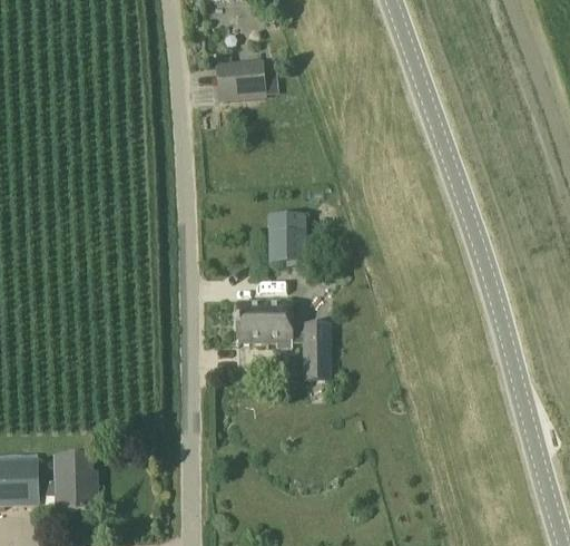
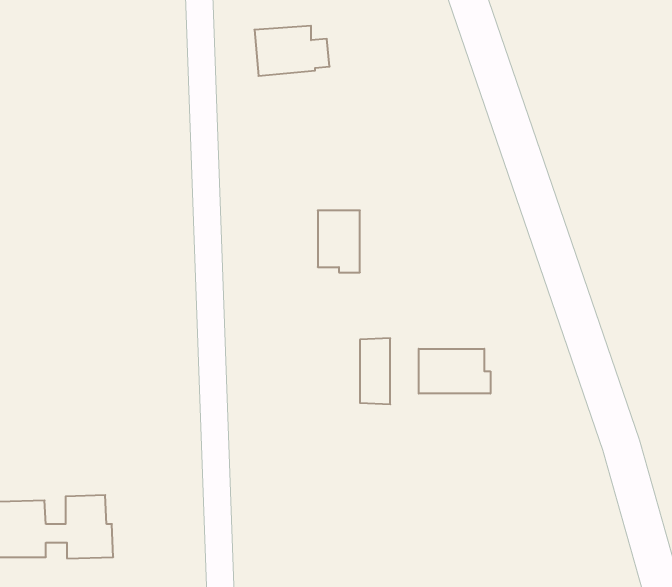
building: [237,300,292,341] -> none
building: none -> [419,349,490,394]

